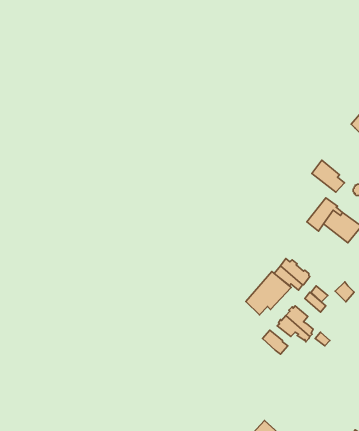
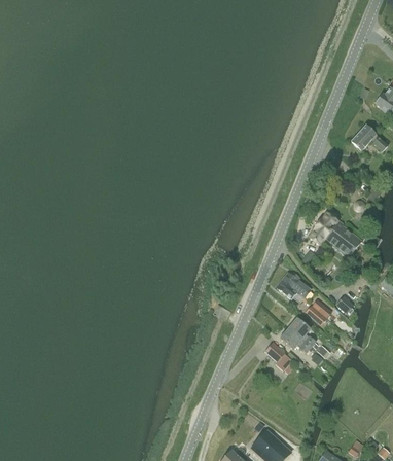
building: [312,160,344,192] -> none
building: [246,272,291,315] -> none

